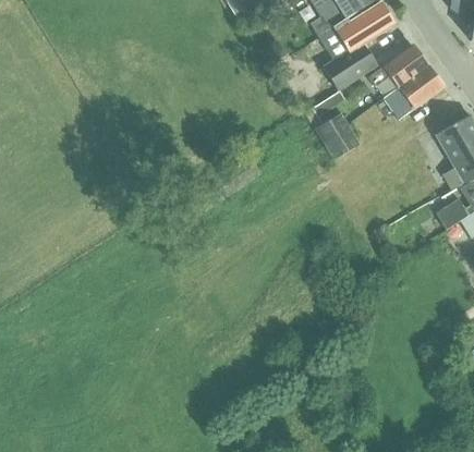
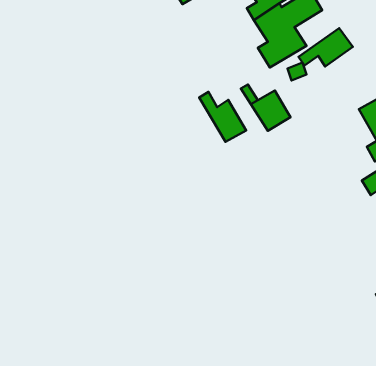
building: [382,63,442,118] -> none
building: none -> [199,92,246,142]

